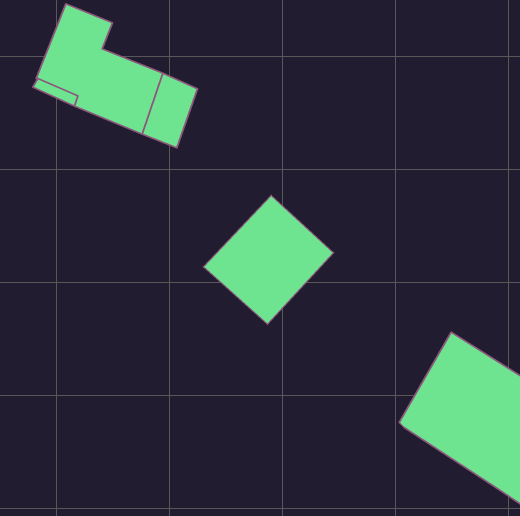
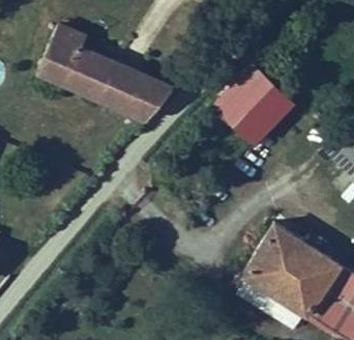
building: none -> [117,74,158,119]
building: [203,195,334,324] -> [209,77,287,153]

